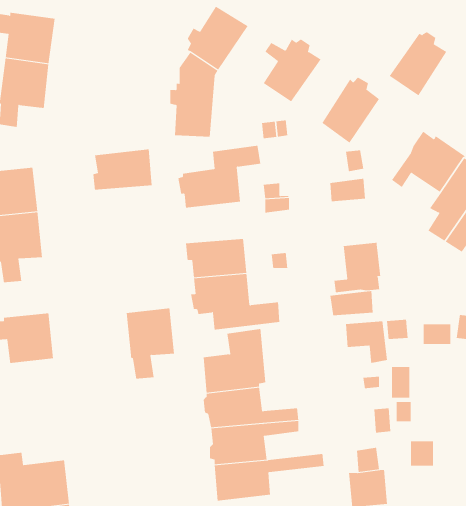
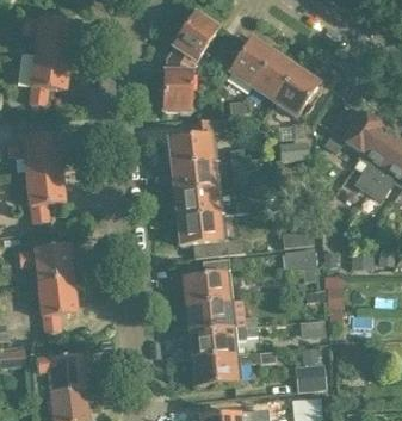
building: [389,31,447,96] -> [252,52,296,101]
building: [93,149,153,190] -> [171,161,216,192]
building: [334,242,381,293] -> none
building: [126,308,175,379] -> [39,279,76,333]

